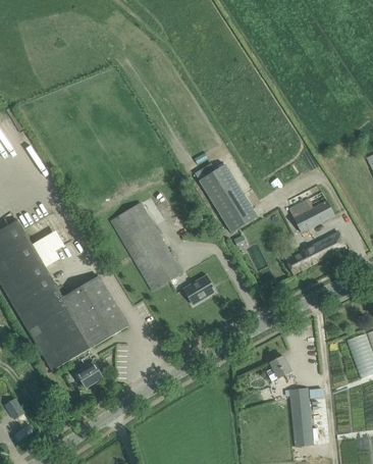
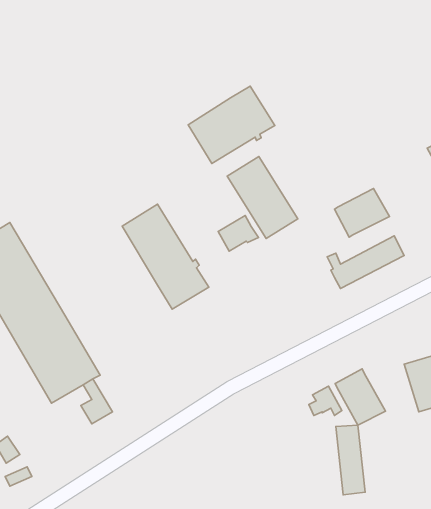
building: none -> [188,86,275,163]
building: [182,273,216,303] -> [218,216,259,251]
building: [63,276,128,347] -> none
building: none -> [335,369,386,425]

